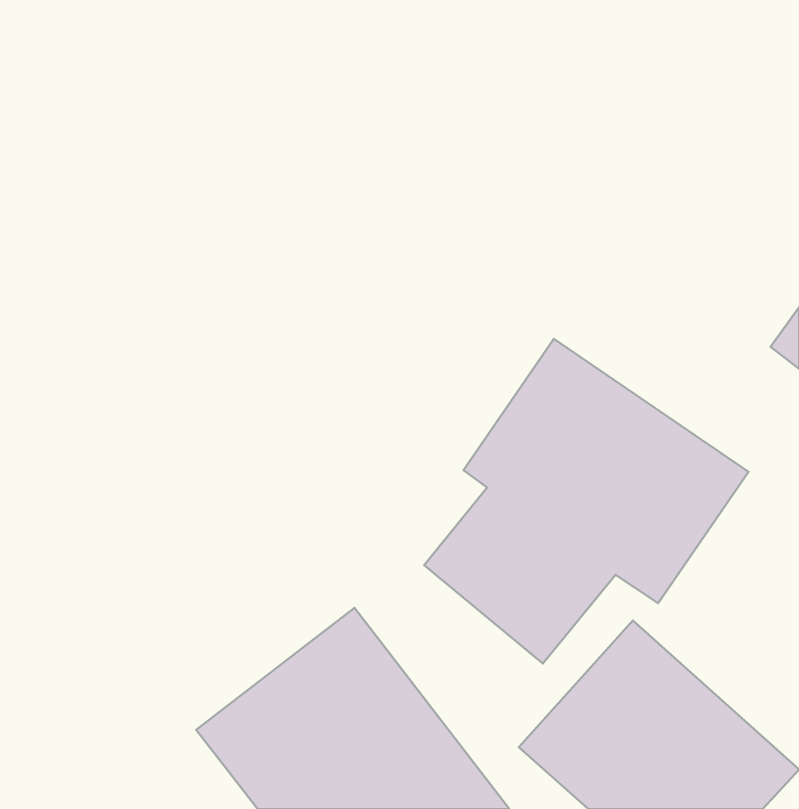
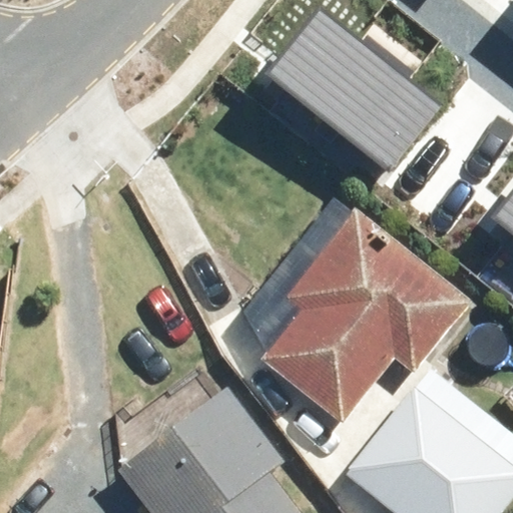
building: none -> [264,7,440,173]

